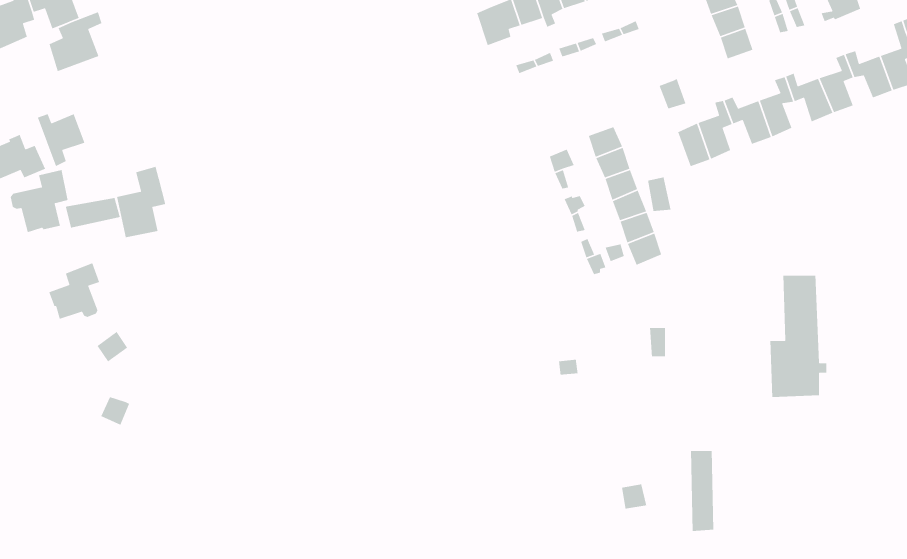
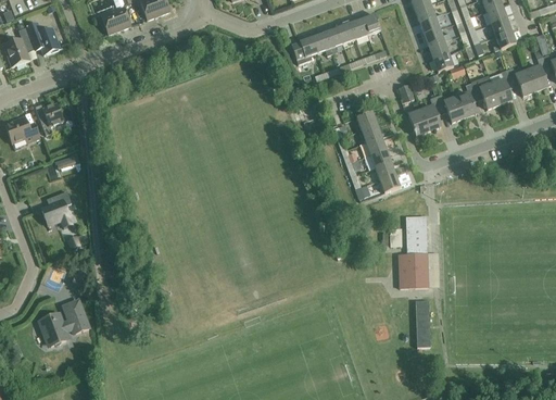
building: [48,11,102,72] -> none
building: [116,166,166,238] -> none
building: [10,169,68,233] -> none
building: [770,275,827,398] -> [399,215,432,287]
building: none -> [39,310,89,345]

